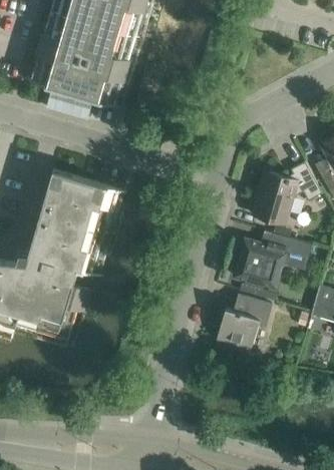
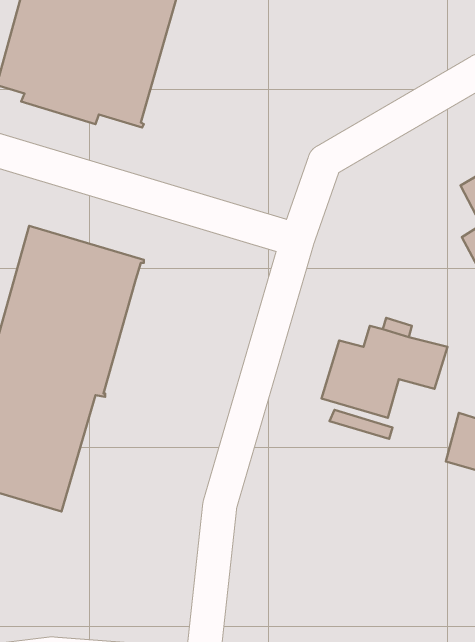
building: [252,160,322,222] -> none
building: [217,293,272,347] -> none

